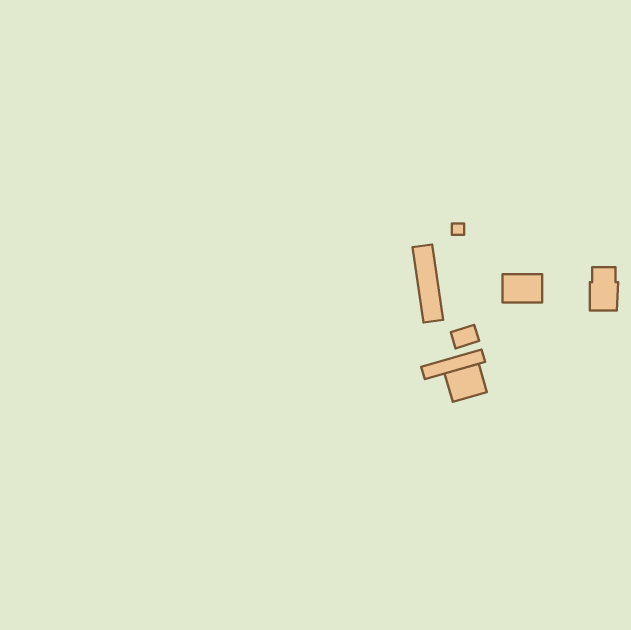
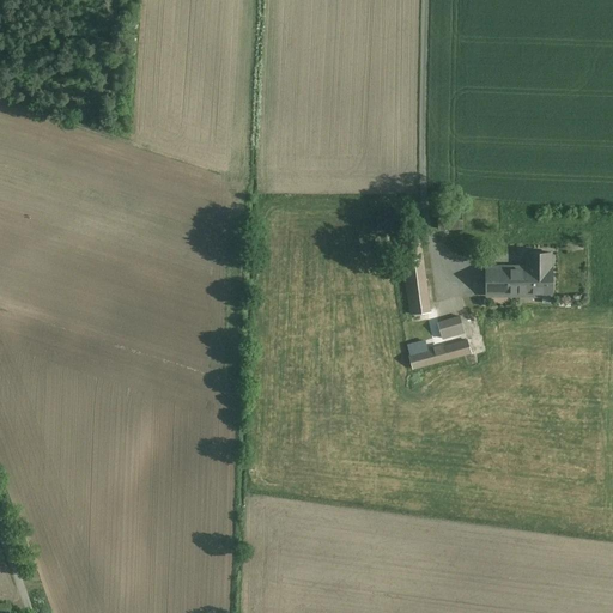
building: [590,267,618,311] -> [526,251,553,293]
building: [445,364,487,402] -> none

